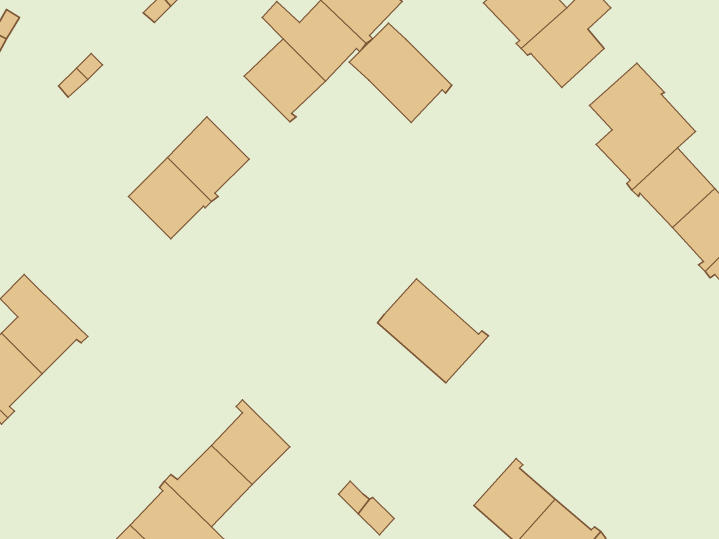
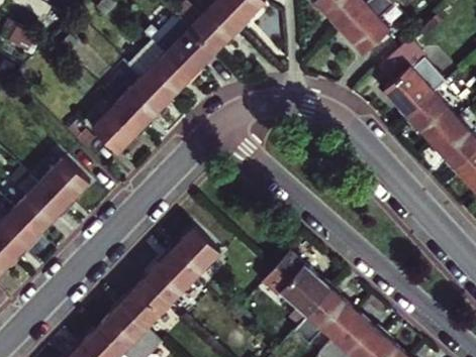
building: [349,23,452,122] -> [130,39,194,101]
building: none -> [39,158,91,211]
building: [378,279,488,383] -> [266,251,335,316]
building: none -> [165,228,219,279]

